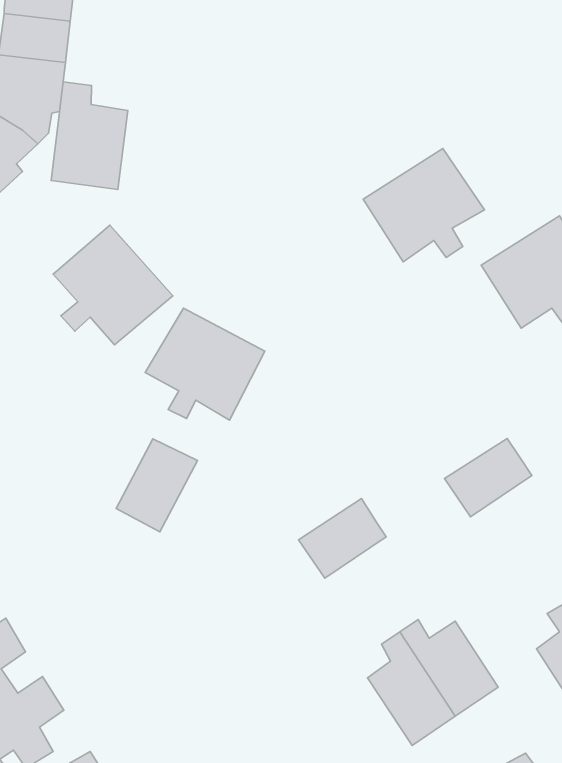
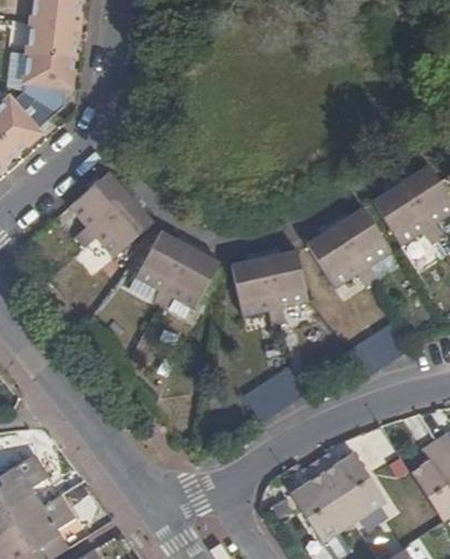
building: [51,82,128,189] -> none
building: [363,148,484,262] -> [305,207,391,288]
building: none -> [229,249,307,324]
building: [116,439,198,532] -> none

